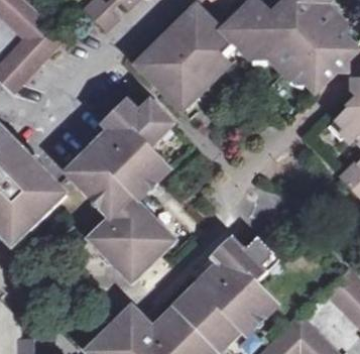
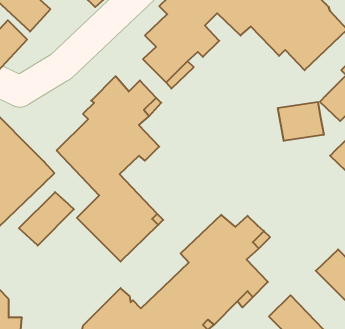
building: [136,29,177,82] -> none
building: none -> [278,102,324,141]
building: none -> [19,192,74,246]

